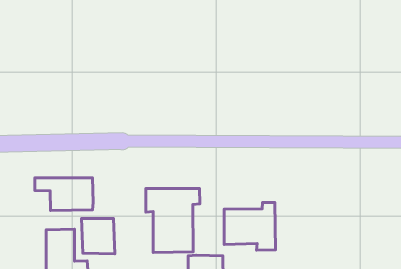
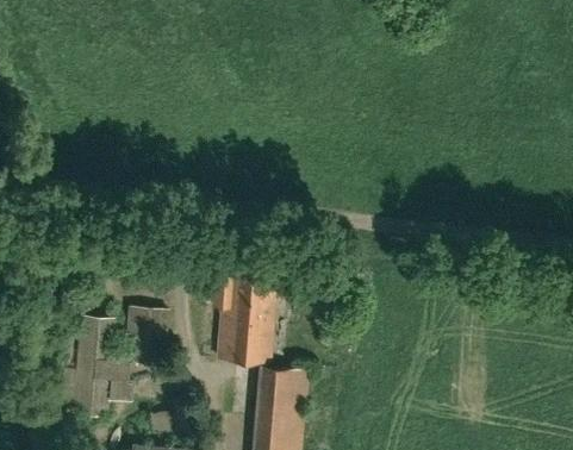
building: [35,178,93,210] -> none
building: [224,202,276,250] -> none

